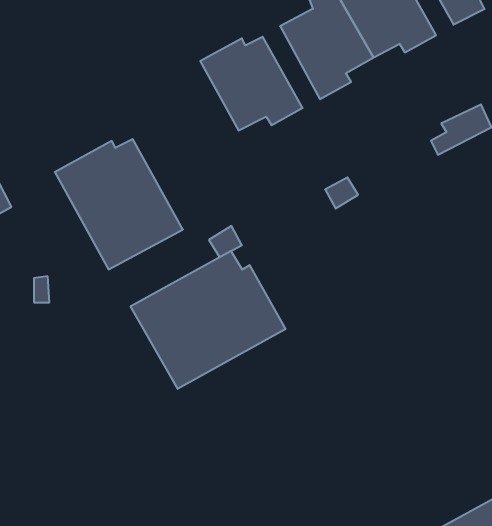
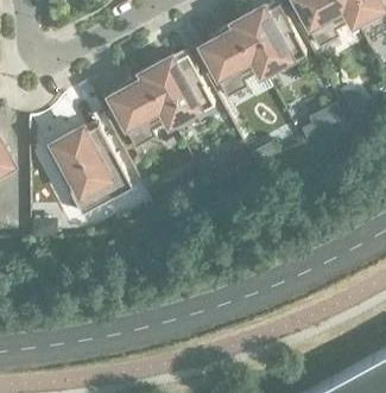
building: none -> [108,72,171,148]
building: [131,251,285,389] -> none

